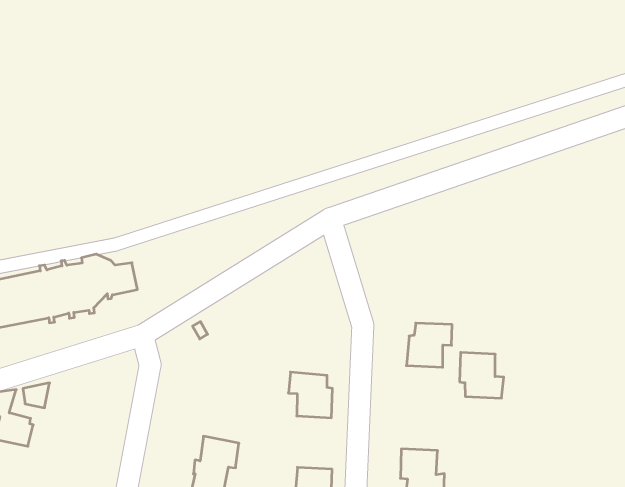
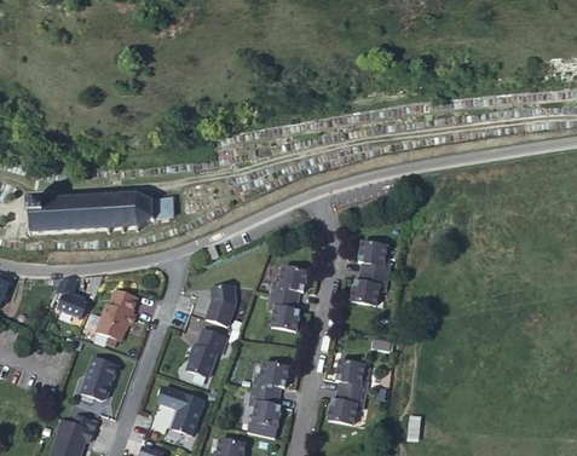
building: none -> [270,264,306,299]
building: [460,352,504,398] -> [360,239,392,276]
building: none -> [206,285,236,327]
building: none -> [94,289,133,340]

